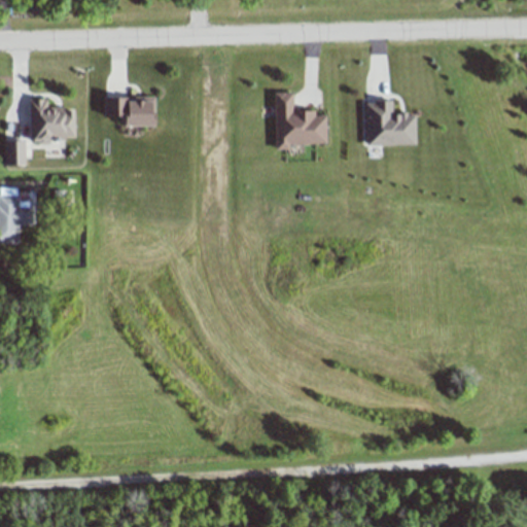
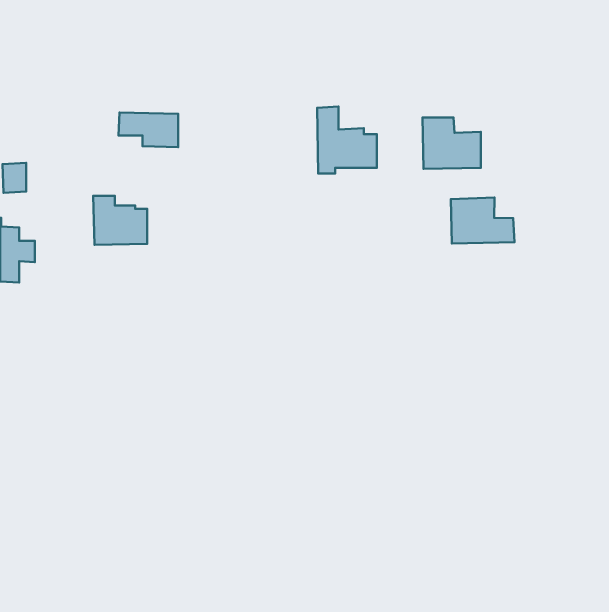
building: [29,99,75,141] -> [93,196,147,245]
building: none -> [451,198,515,244]

